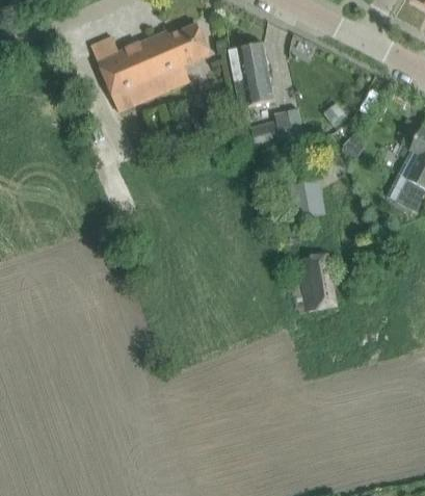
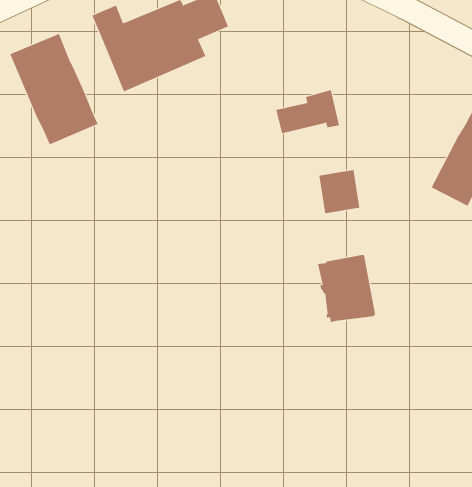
building: [230,43,274,106] -> none
building: none -> [10,33,98,145]

